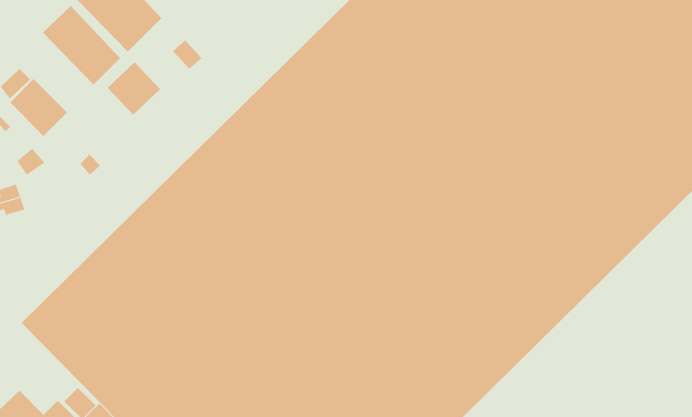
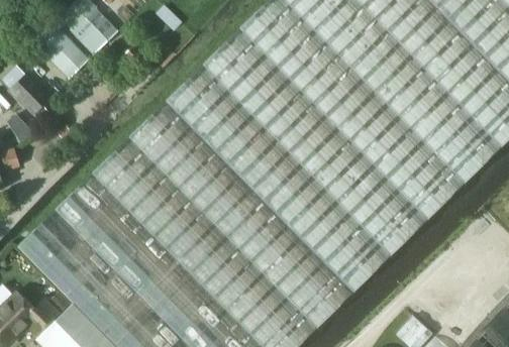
building: [107,61,161,116] -> none

